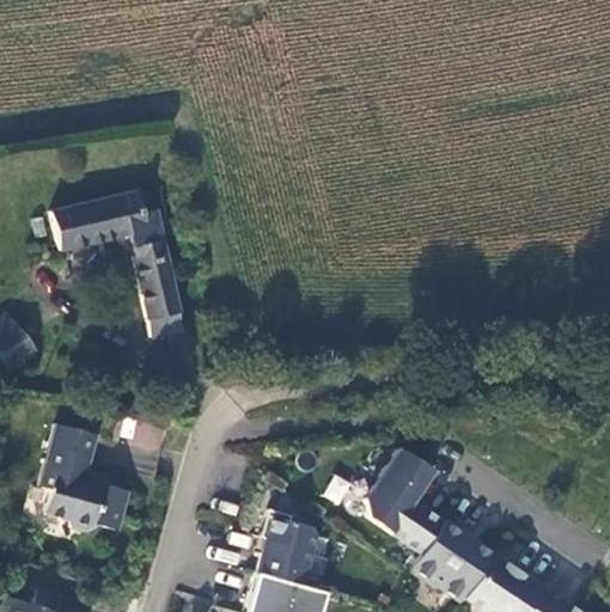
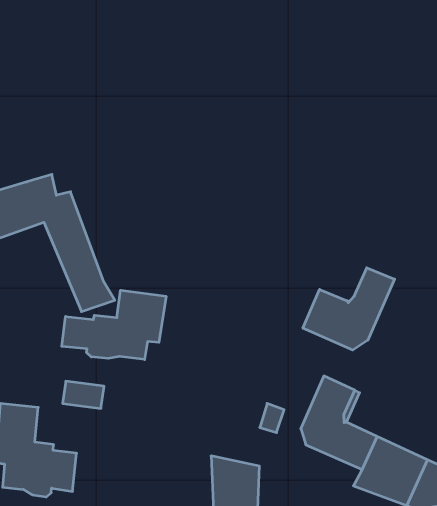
building: none -> [62,290,166,360]
building: none -> [303,268,395,350]

